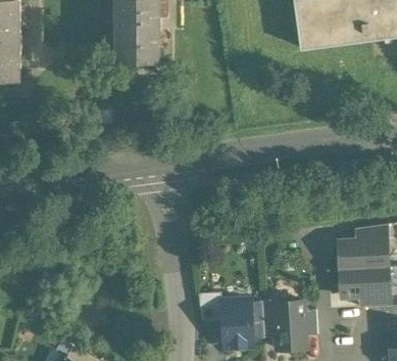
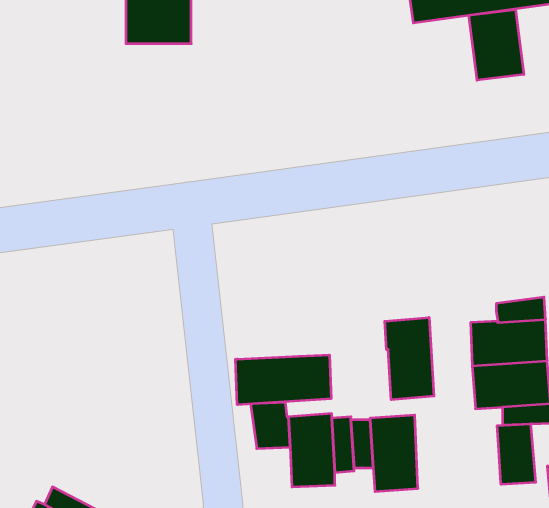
building: none -> [469,10,524,80]
building: none -> [385,317,434,400]
building: none -> [235,355,331,405]
building: none -> [497,424,536,484]

